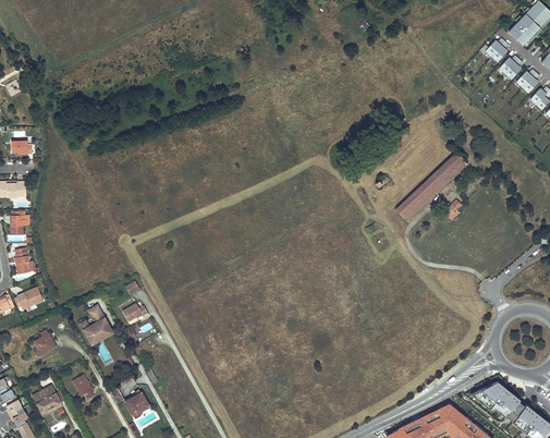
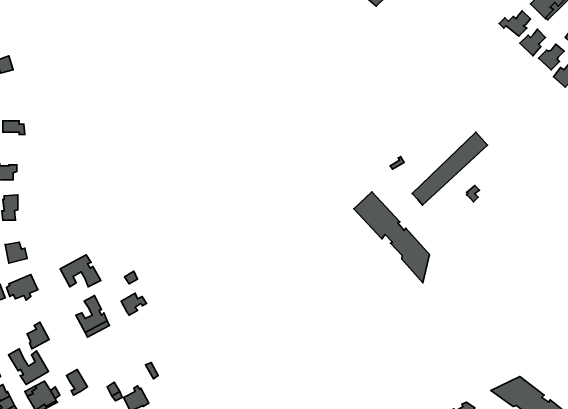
building: none -> [354,192,430,283]
building: none -> [60,255,101,287]
building: none -> [8,349,49,384]

